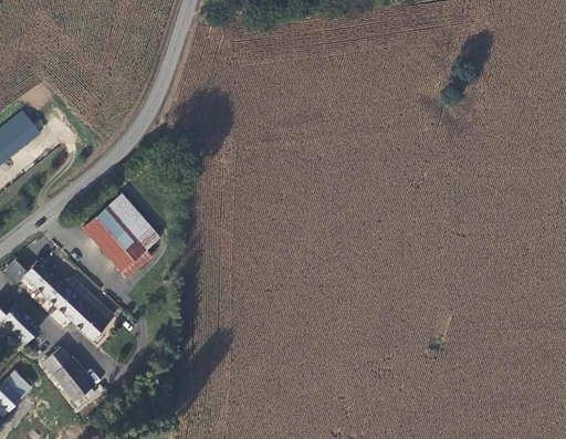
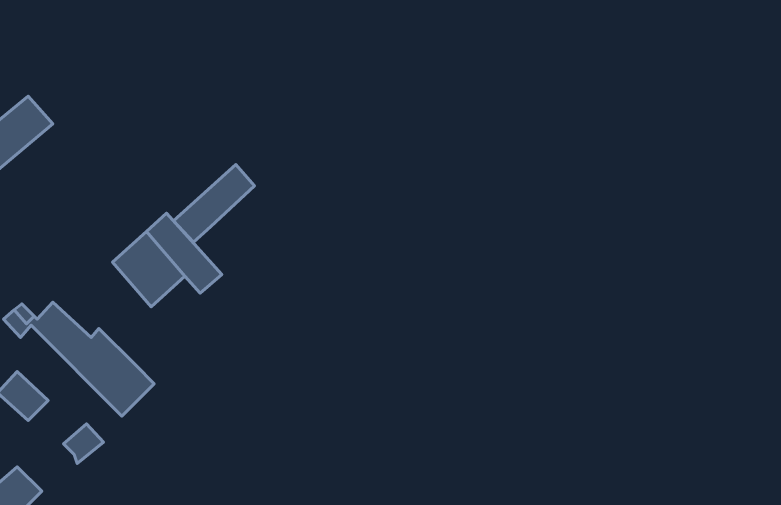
building: none -> [173,165,254,242]
building: [109,239,150,279] -> none
building: [56,358,96,397] -> none

